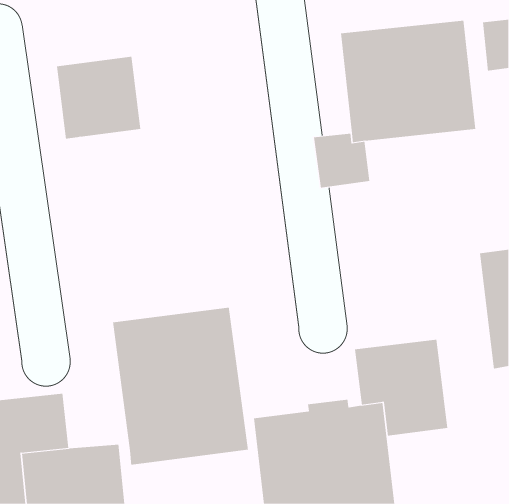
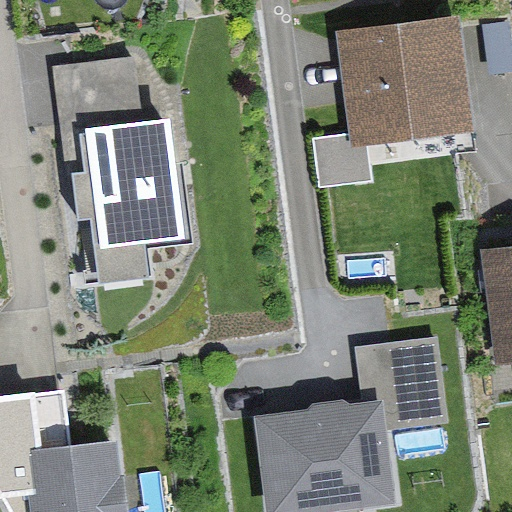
building: none -> [74,126,185,285]
building: [113,307,249,466] -> none

